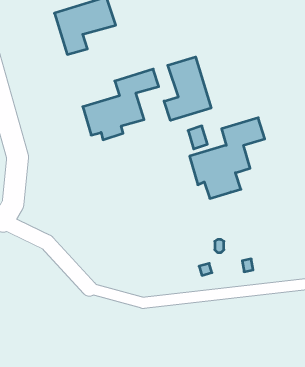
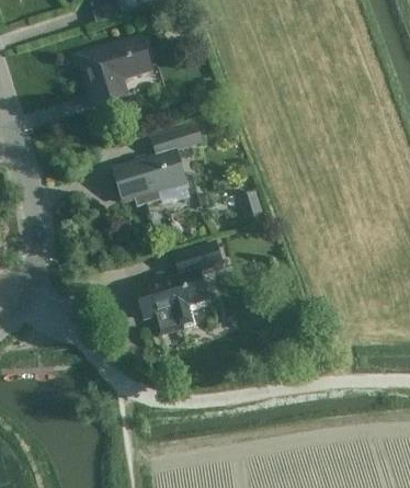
building: [164,57,211,120] -> none
building: [190,118,265,198] -> [136,238,226,334]

